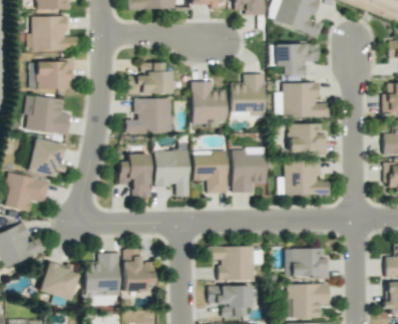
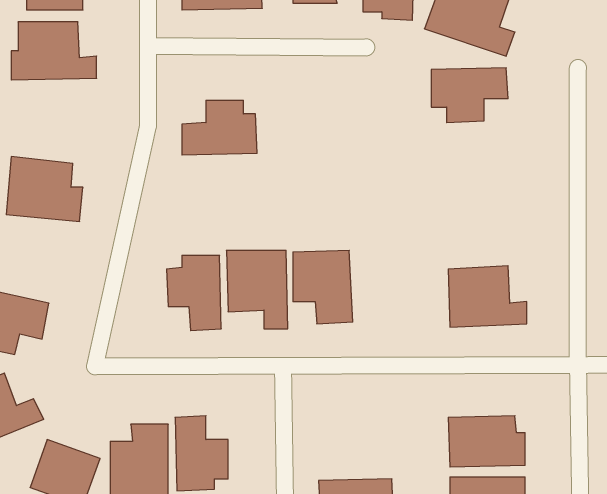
building: [37,59,75,89] -> none
building: [232,73,266,116] -> none
building: [191,81,227,124] -> none
building: [283,82,330,118] -> none
building: [125,98,171,133] -> none
building: [289,123,328,153] -> none
building: [28,137,67,178] -> none
building: [232,149,267,193] -> none
building: [209,246,255,280] -> none

